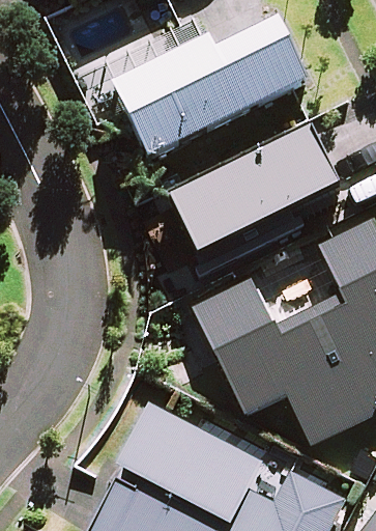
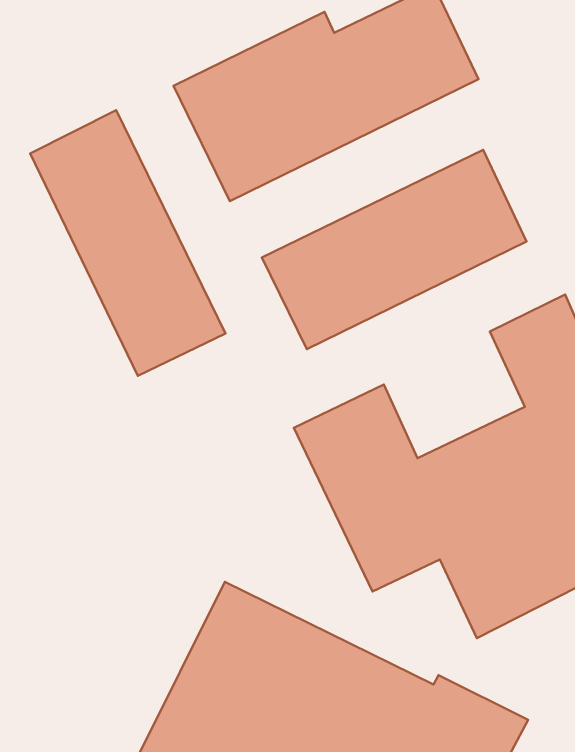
building: none -> [30,110,225,376]

